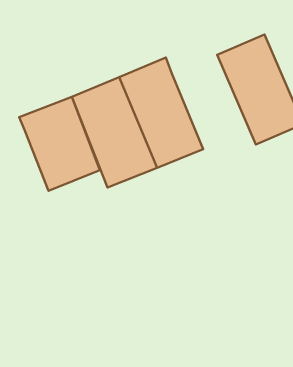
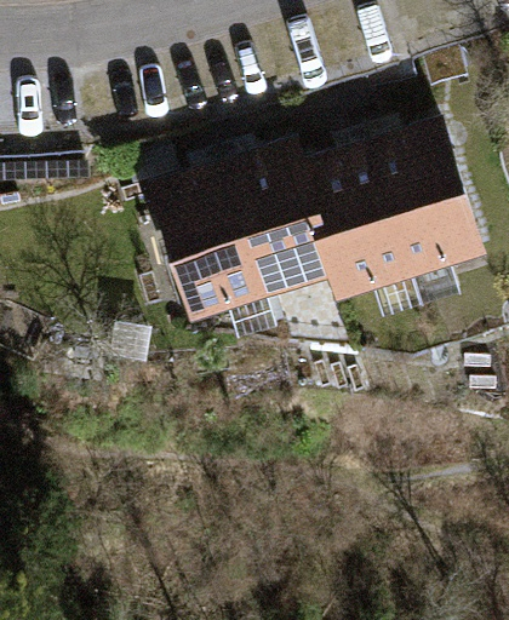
building: none -> [301,143,416,308]
building: [19,97,100,191] -> none

